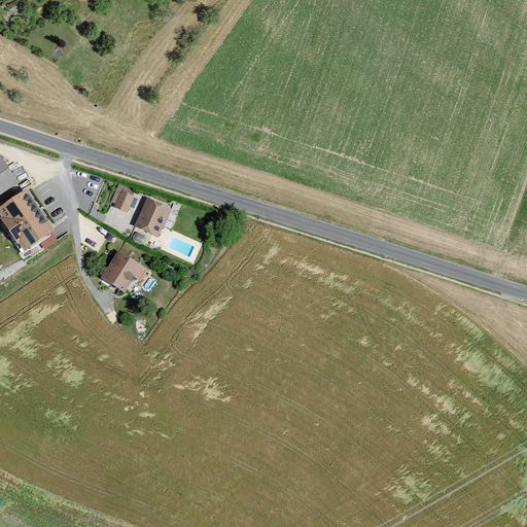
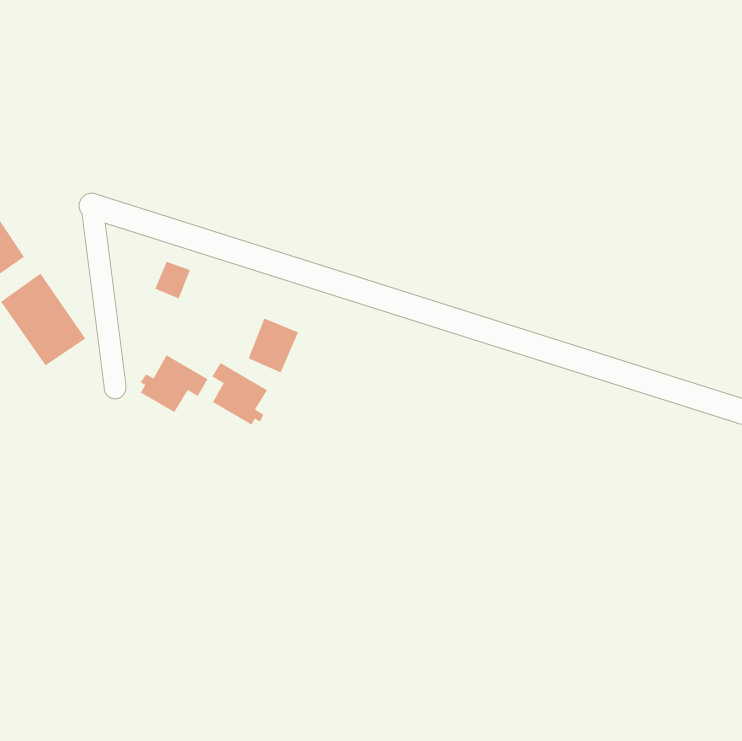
building: [134,197,170,236] -> [248,318,299,373]
building: none -> [212,362,268,426]

